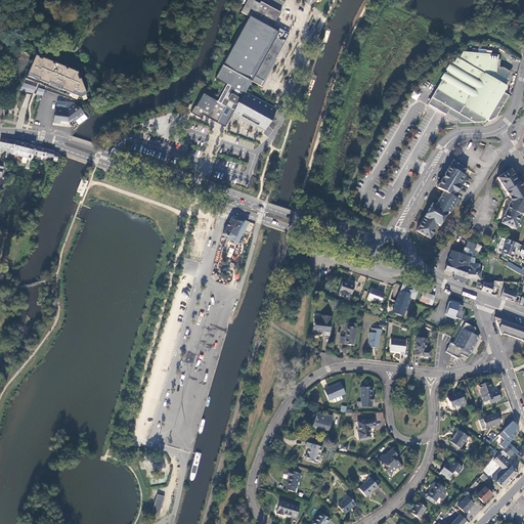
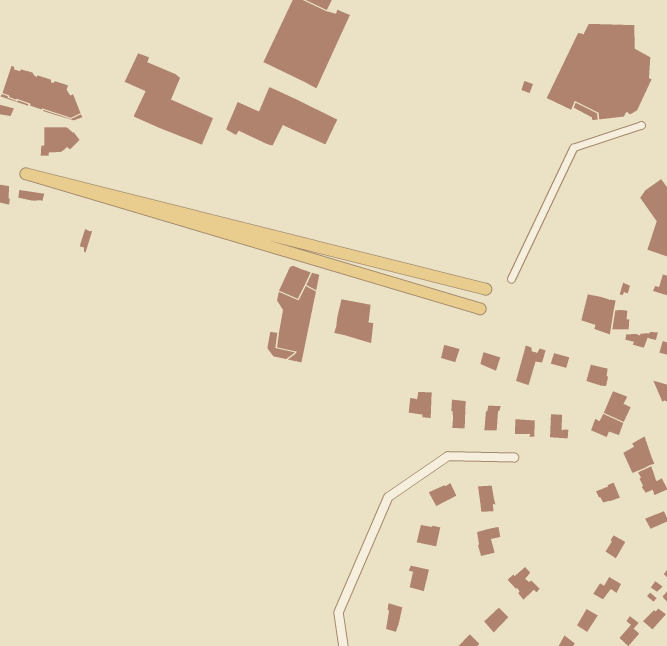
building: none -> [124,53,214,146]
building: [214,63,252,92] -> none
building: [417,159,468,237] -> none
building: none -> [333,298,374,344]
building: none -> [622,436,655,474]

